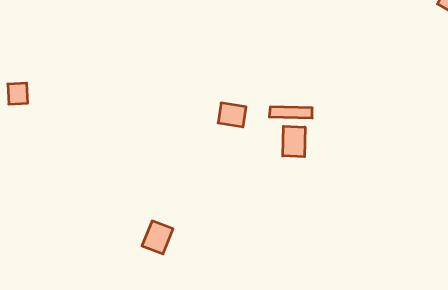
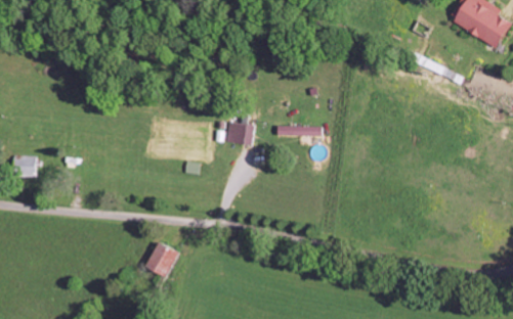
building: [8,83,28,104] -> [15,156,36,178]
building: [283,126,305,157] -> none

